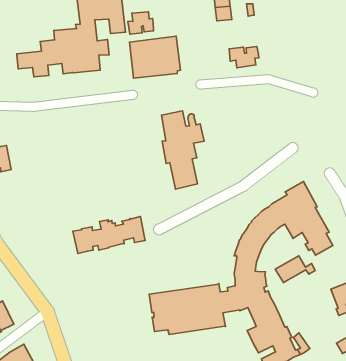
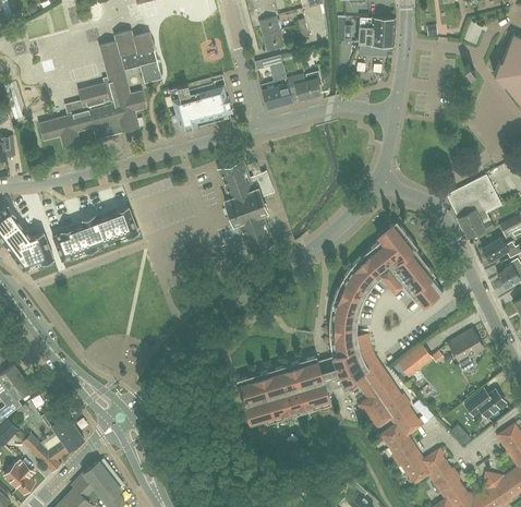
building: none -> [359,17,396,46]
building: [128,12,153,34] -> none
building: none -> [262,55,292,108]
building: [73,216,145,254] -> [52,206,138,261]
building: [275,256,315,282] -> [397,343,444,377]

